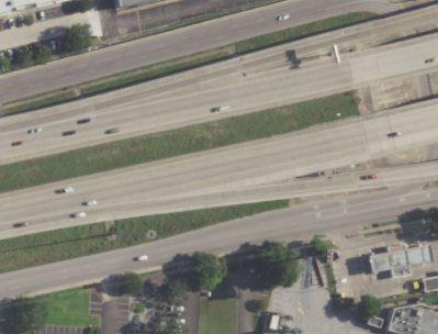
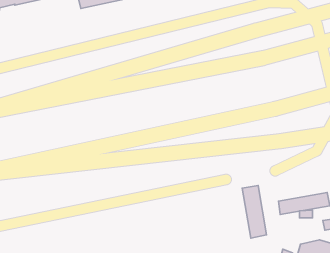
building: none -> [242,186,266,238]

